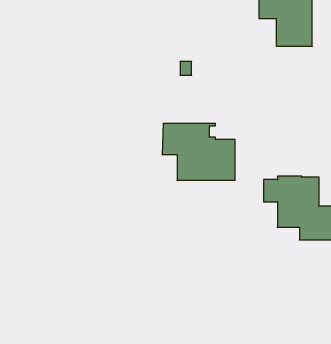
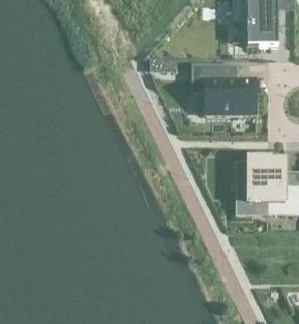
building: [162,123,235,180] -> [191,63,255,113]

